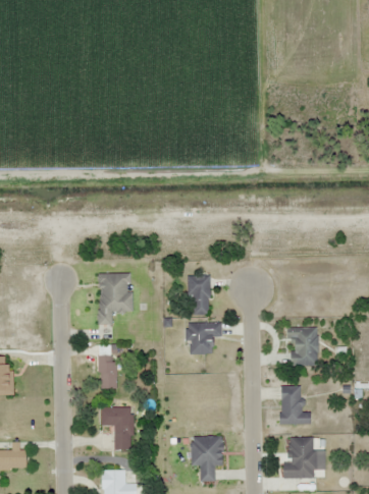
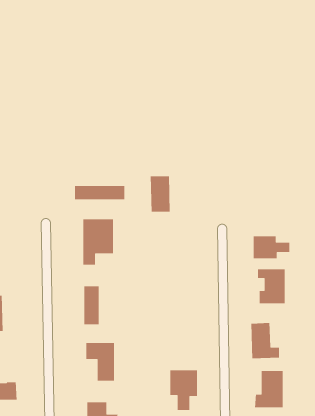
building: none -> [74,185,125,200]
building: [188,275,210,315] -> [150,176,171,212]
building: none -> [253,235,290,259]
building: [187,322,221,353] -> none

